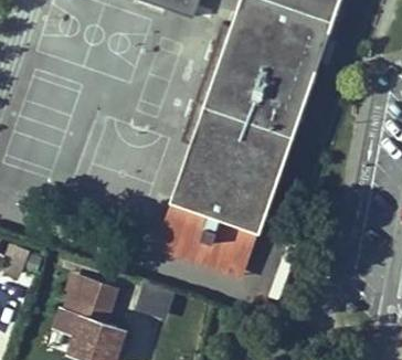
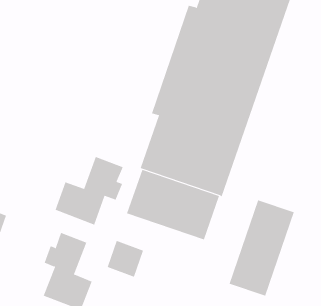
building: none -> [55,156,124,225]
building: none -> [229,199,294,297]

